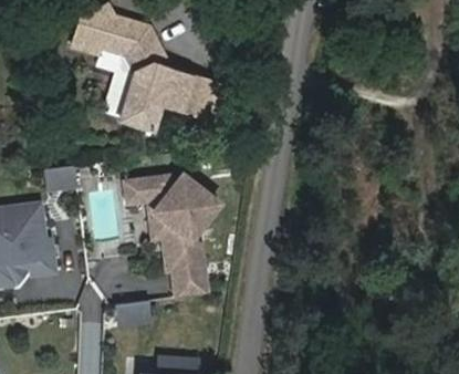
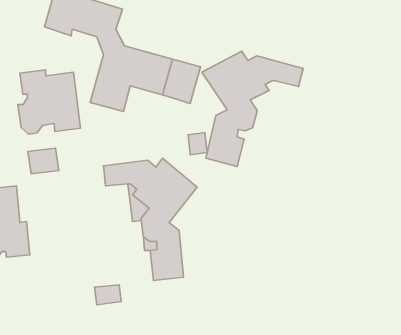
building: none -> [202,51,303,166]
building: none -> [18,70,80,134]

